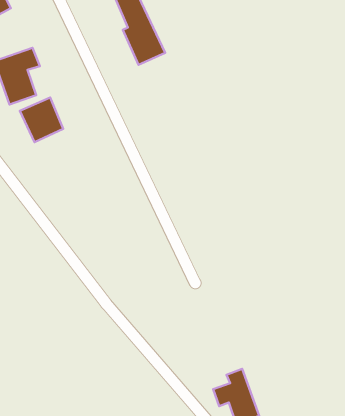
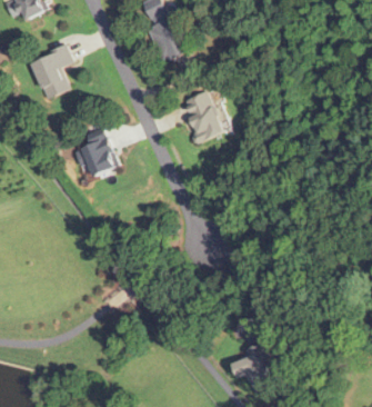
building: none -> [180,91,223,143]
building: [20,98,63,142] -> [80,138,120,179]

